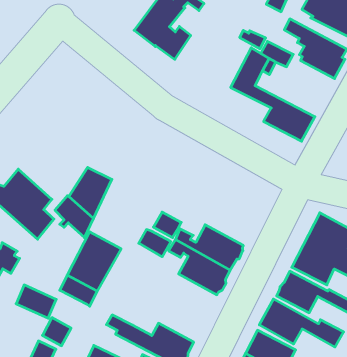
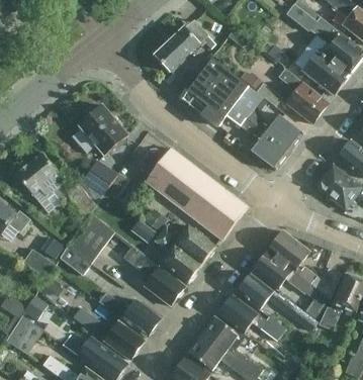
building: none -> [183,59,249,125]
building: none -> [247,110,304,151]
building: none -> [73,104,128,155]
building: none -> [140,147,248,239]
building: none -> [122,245,186,304]

